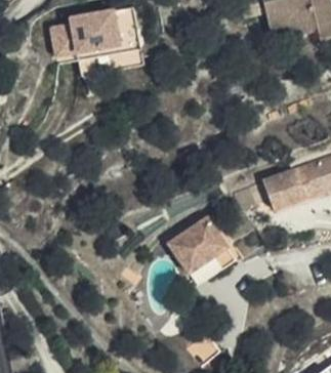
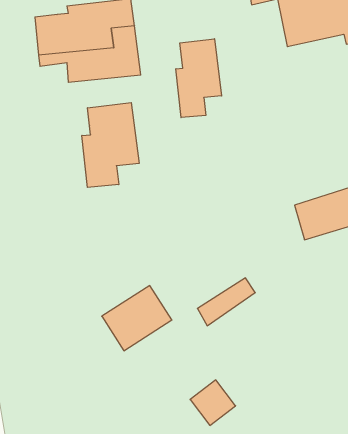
building: none -> [176,39,222,118]
building: none -> [82,103,139,187]
building: [169,210,227,264] -> [102,286,172,351]

